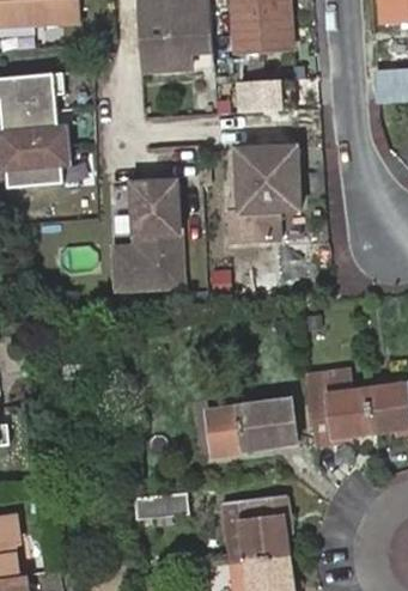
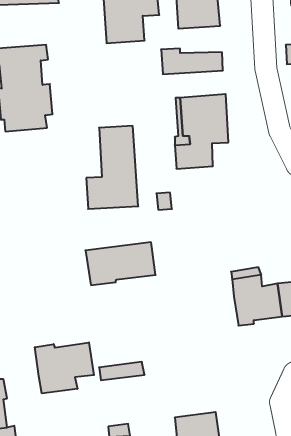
building: [203,401,296,457] -> [85,242,156,285]
building: none -> [35,342,94,393]
building: [225,495,287,565] -> none

